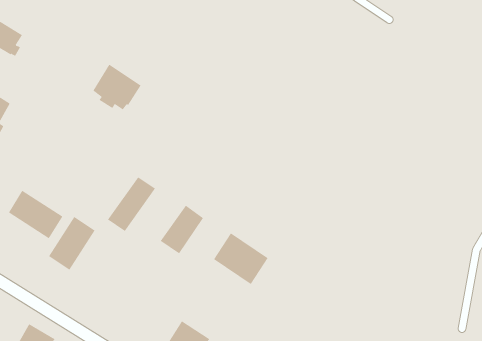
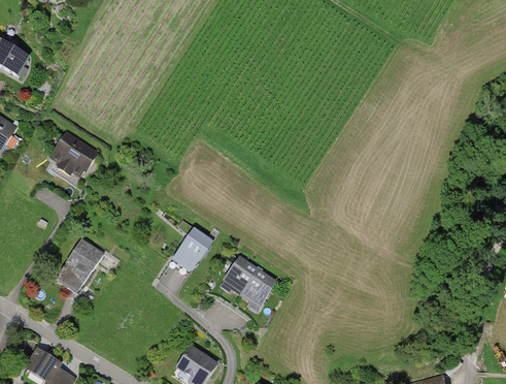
building: [93,64,142,110] -> [49,131,99,178]
building: [107,177,156,232] -> none
building: [8,190,63,239] -> none

